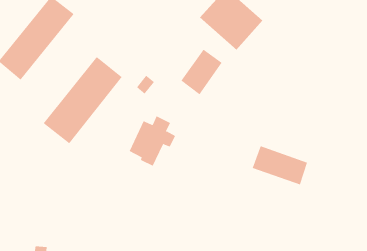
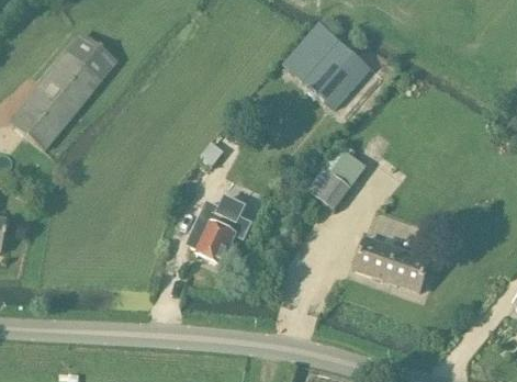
building: [180,49,223,95] -> [311,147,368,210]
building: [43,56,122,144] -> none

